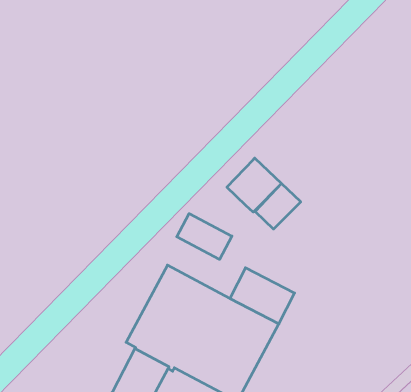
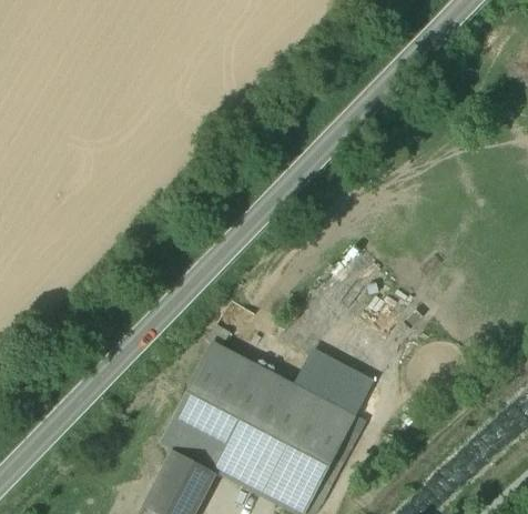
building: [227,158,281,212] -> none
building: [177,214,232,259] -> none

